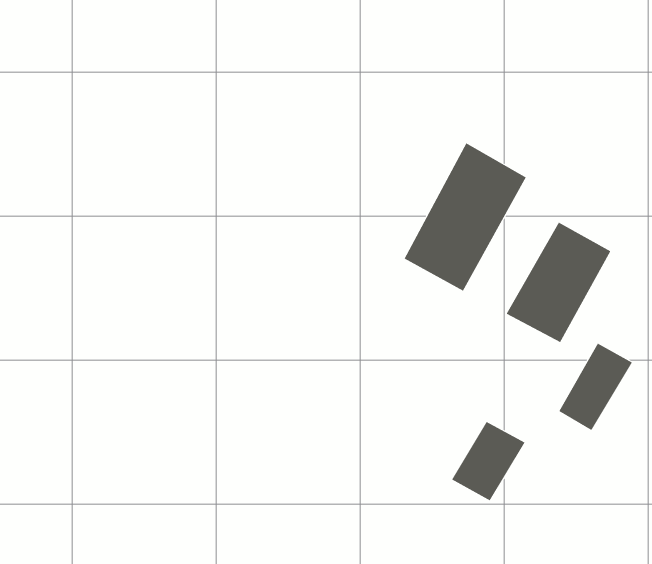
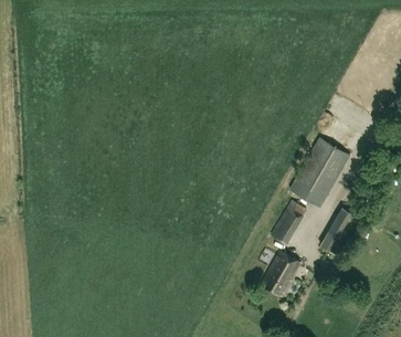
building: [404,142,527,292] -> none
building: none -> [270,201,306,245]

